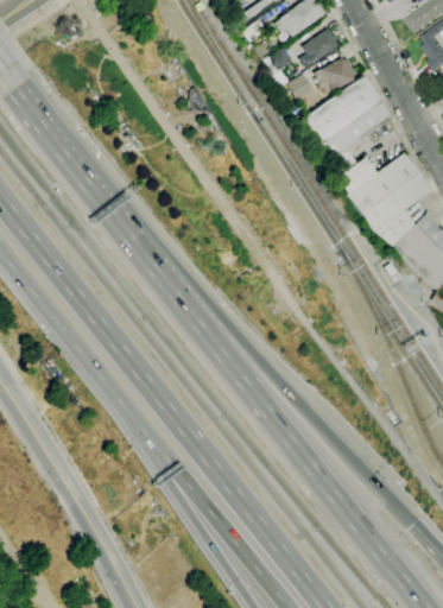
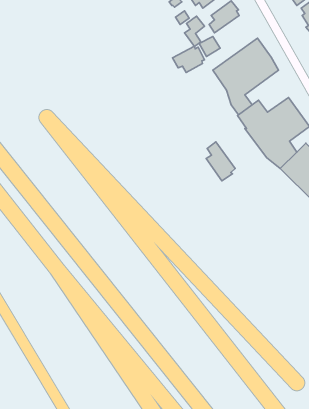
building: [314,57,355,91] -> [173,46,204,73]
building: none -> [206,142,235,181]

